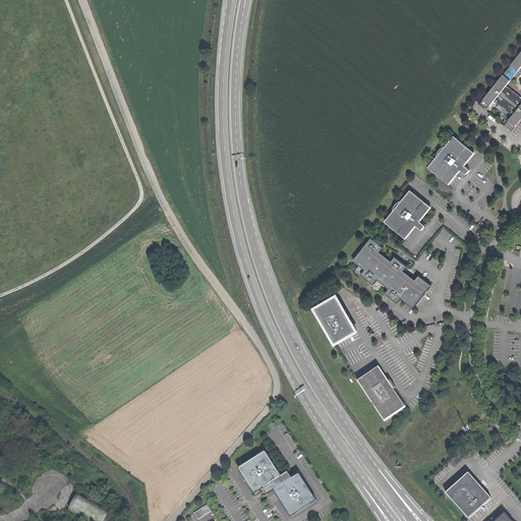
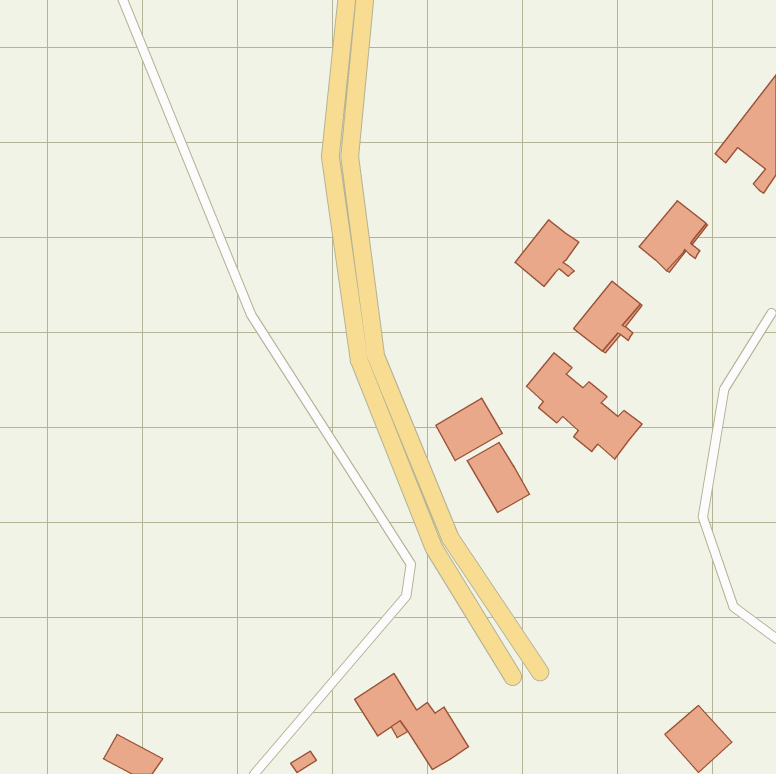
building: none -> [515,220,579,286]
building: none -> [436,398,502,461]
building: [356,365,403,419] -> none

